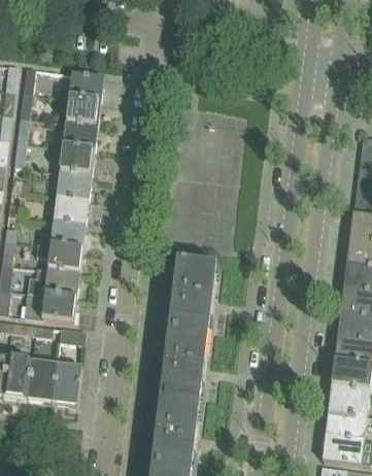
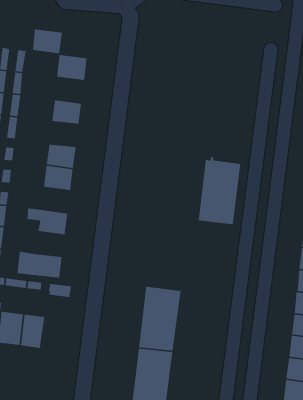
building: [67,96,101,125] -> [32,28,63,54]
building: [61,145,95,173] -> none
building: [52,218,86,247] -> none
building: [169,257,217,334] -> [198,156,241,225]
building: [28,266,79,296] -> none
building: [52,363,81,403] -> none

